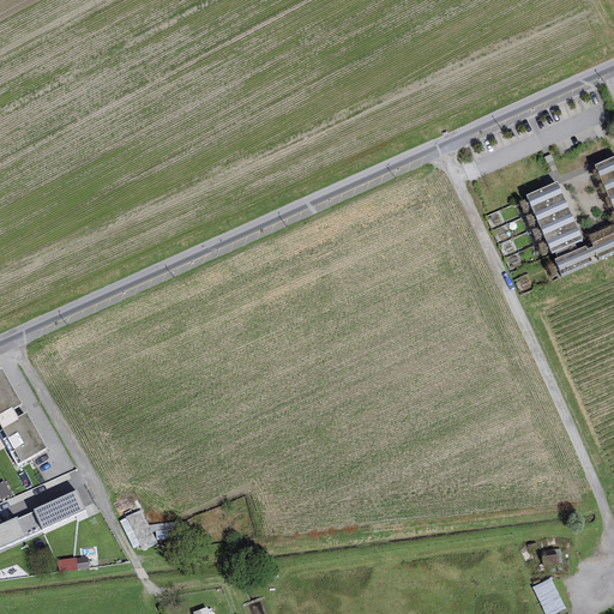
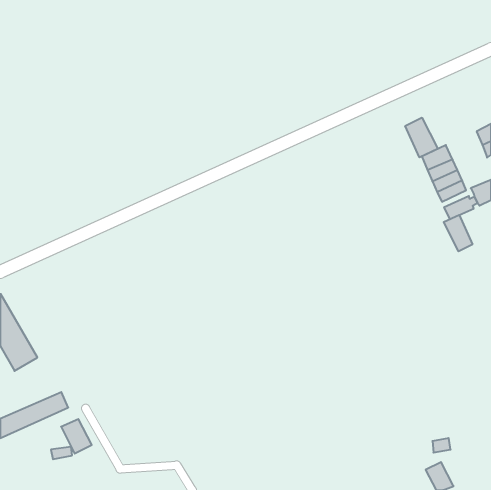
building: none -> [405,118,438,157]
building: none -> [444,215,472,251]
building: [119,510,157,553] -> [61,419,92,454]

